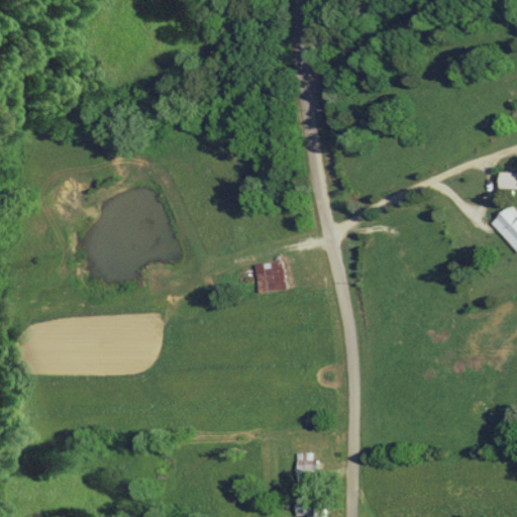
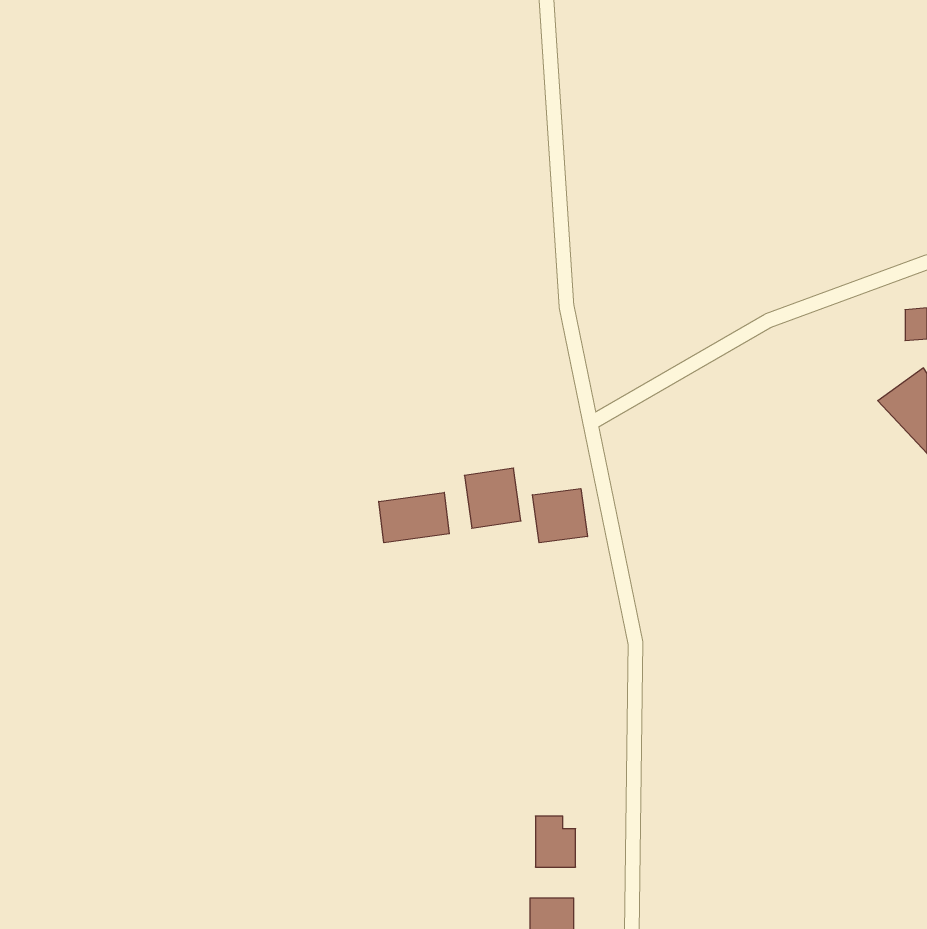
building: none -> [532,489,587,543]
building: none -> [379,492,449,543]

